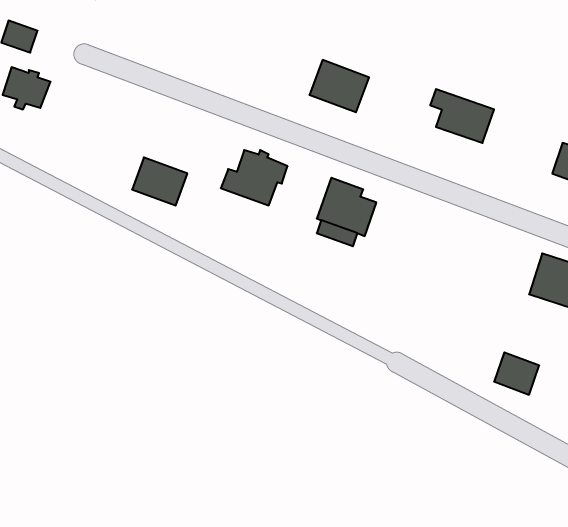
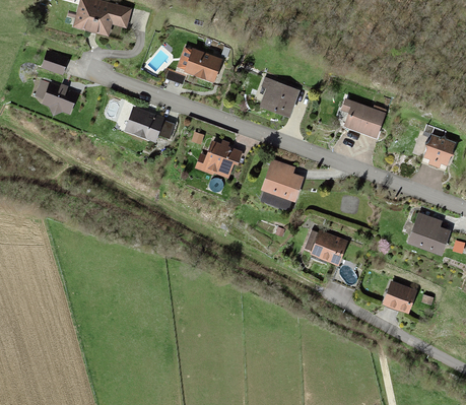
building: none -> [184,49,222,81]
building: [132,157,187,206] -> [125,107,163,140]
building: none -> [312,231,347,264]

